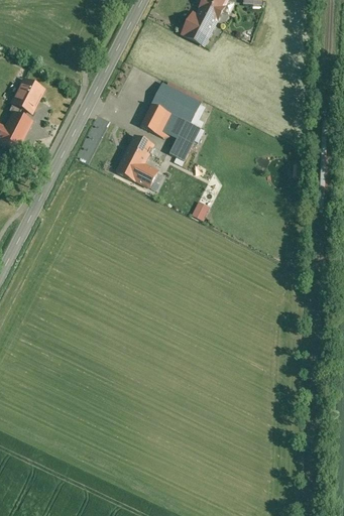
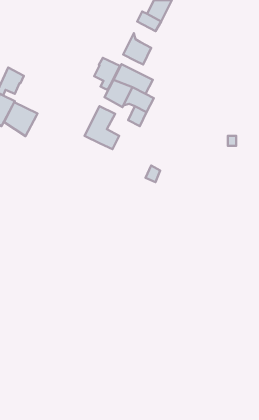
building: none -> [123,33,151,65]
building: none -> [94,58,120,90]
building: none -> [4,102,37,136]

